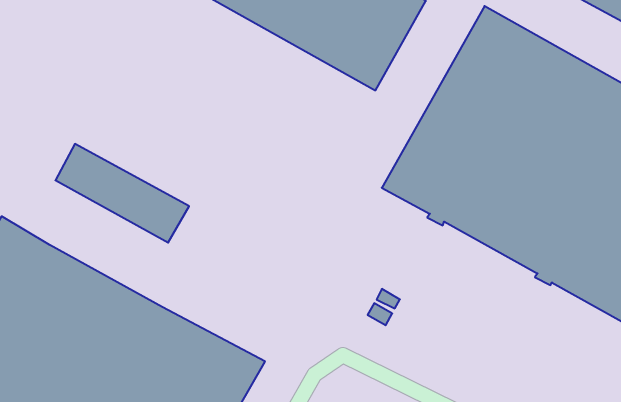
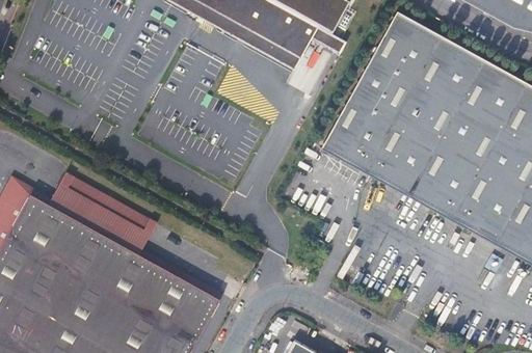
building: [55,144,189,243] -> [49,171,156,250]

